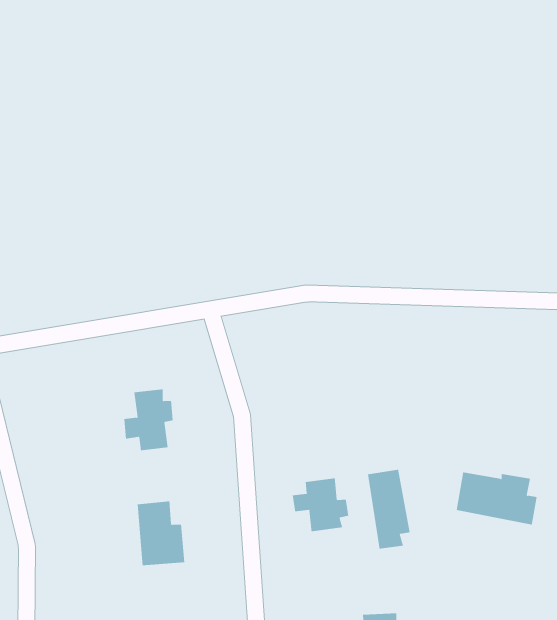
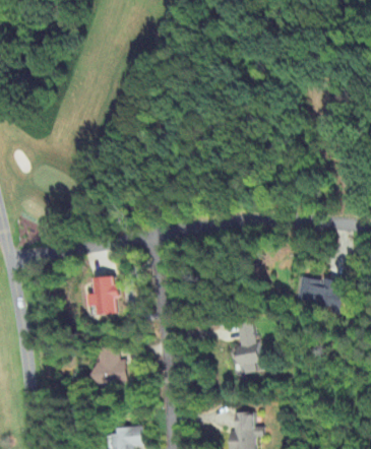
building: [456,472,538,525] -> [294,276,344,309]
building: [292,478,349,532] -> none

